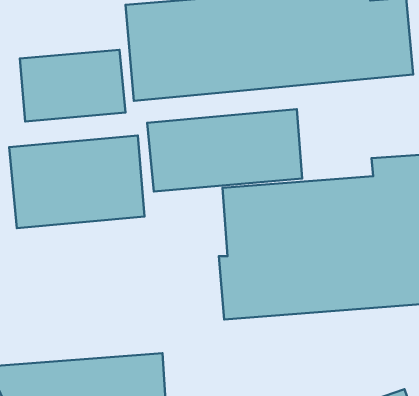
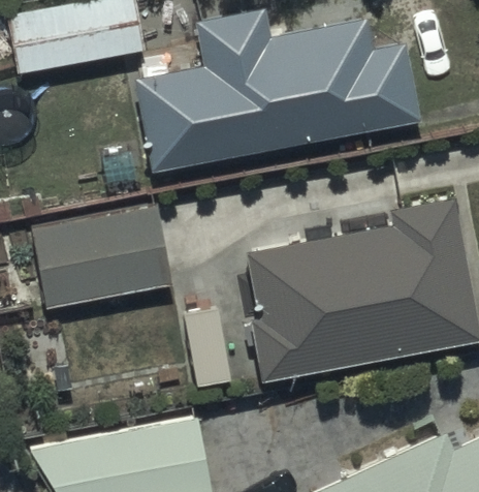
building: [20,50,125,121] -> none
building: [147,109,302,192] -> none

